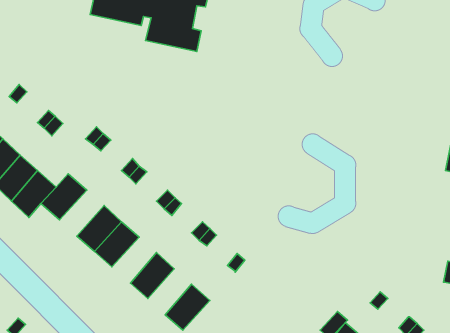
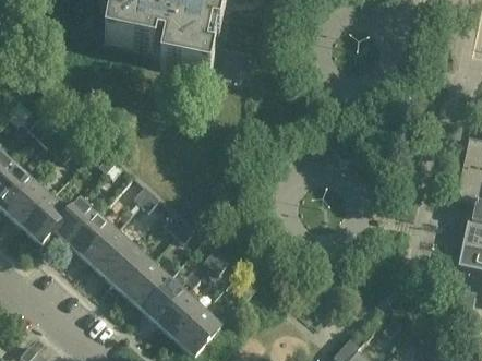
building: none -> [72,217,117,263]
building: none -> [124,264,169,310]
building: none -> [160,296,204,341]

